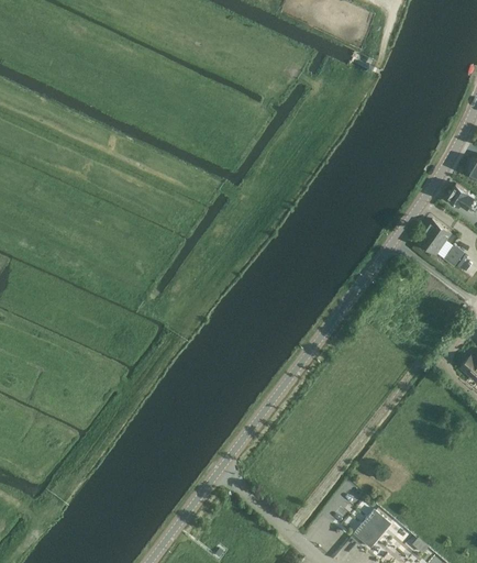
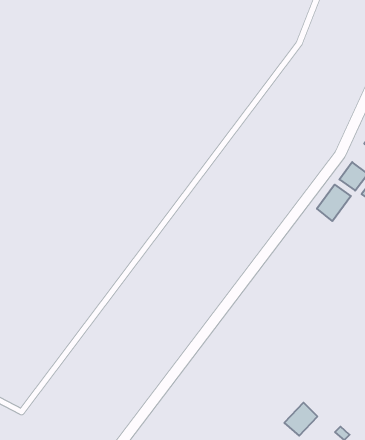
building: none -> [317,185,351,221]

